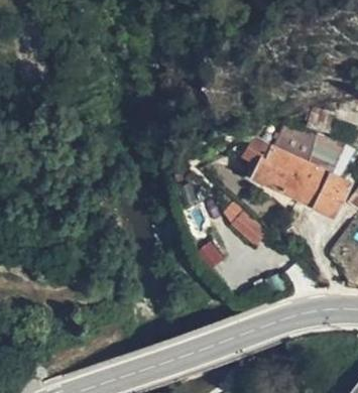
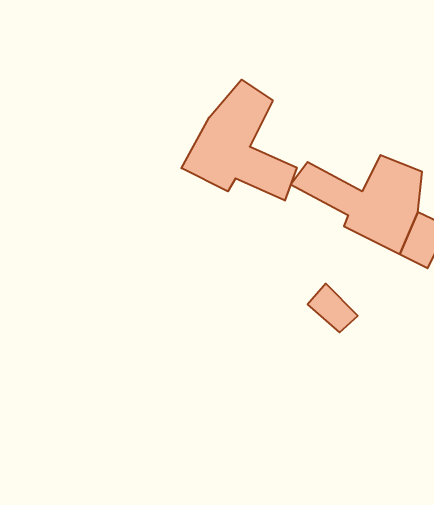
building: none -> [181,80,297,201]

